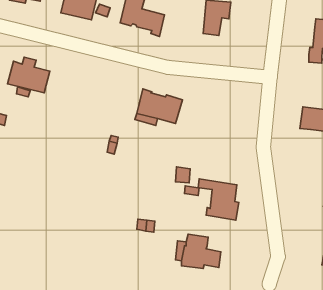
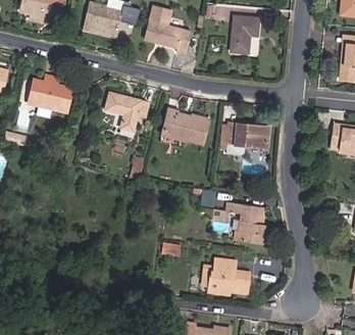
building: none -> [105,93,149,131]
building: none -> [225,123,267,152]

